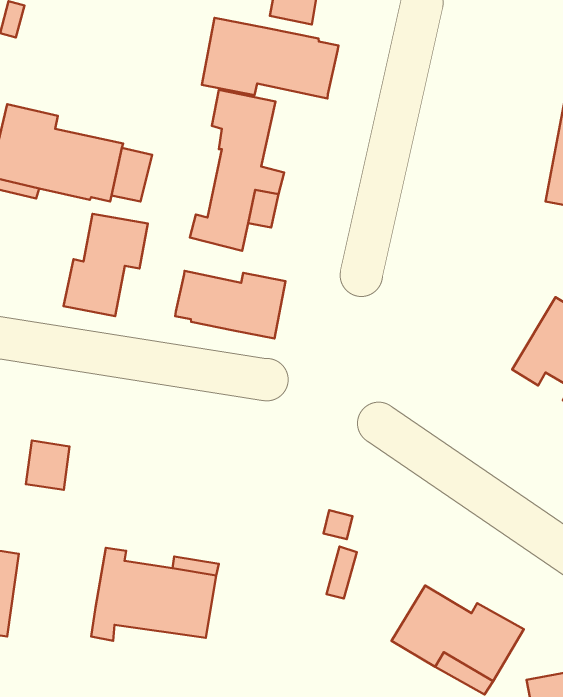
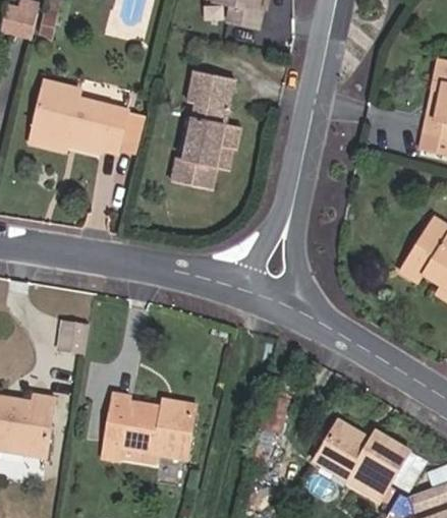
building: [202,18,338,98] -> none
building: [63,214,148,316] -> none
building: [175,271,286,338] -> none

